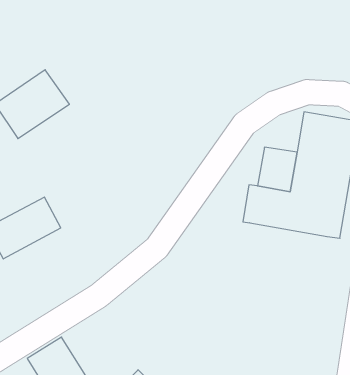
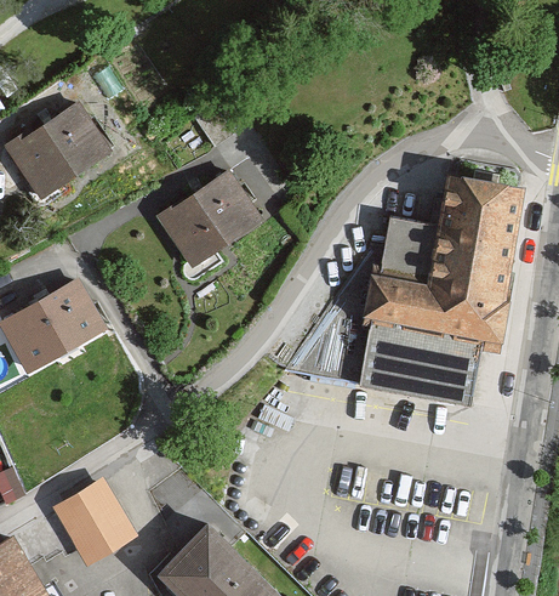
building: none -> [159,172,263,269]
building: none -> [358,320,478,399]

